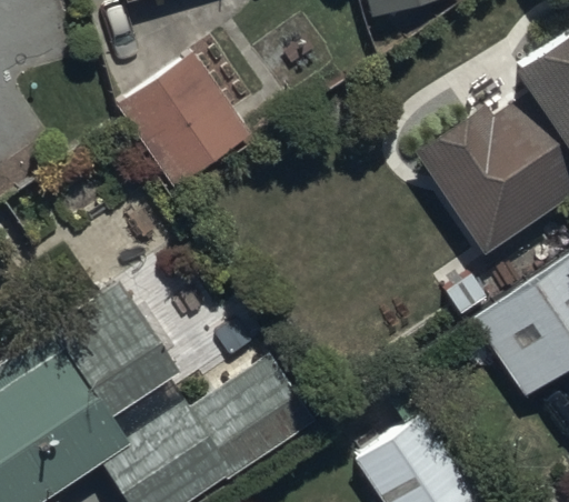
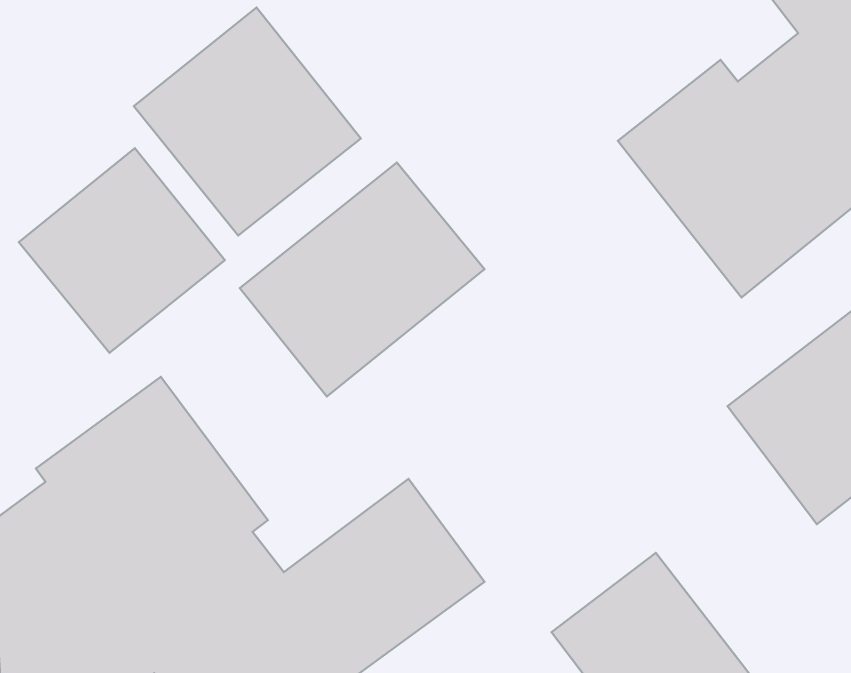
building: none -> [19,148,225,353]
building: none -> [240,163,484,396]

